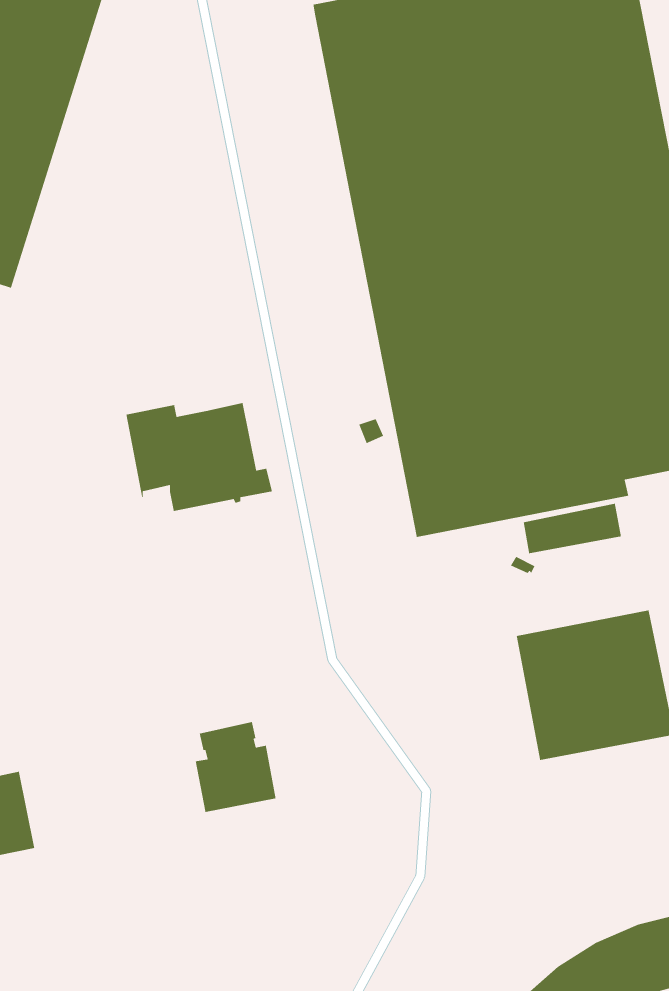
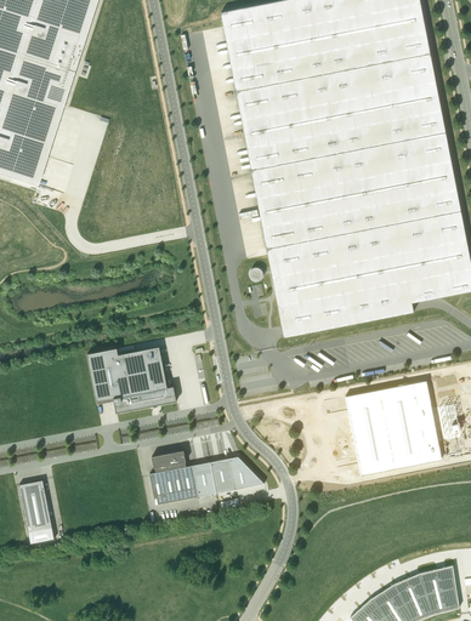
building: [125,402,273,512] -> [87,346,177,412]
building: [523,503,622,554] -> none
building: none -> [193,455,265,496]

